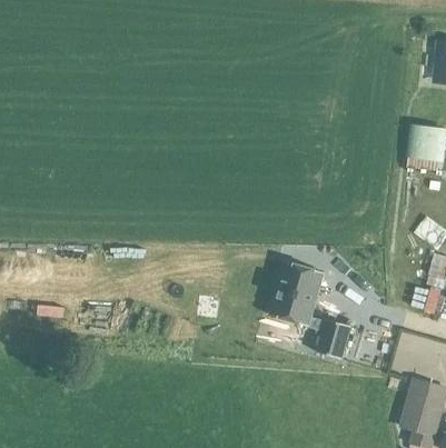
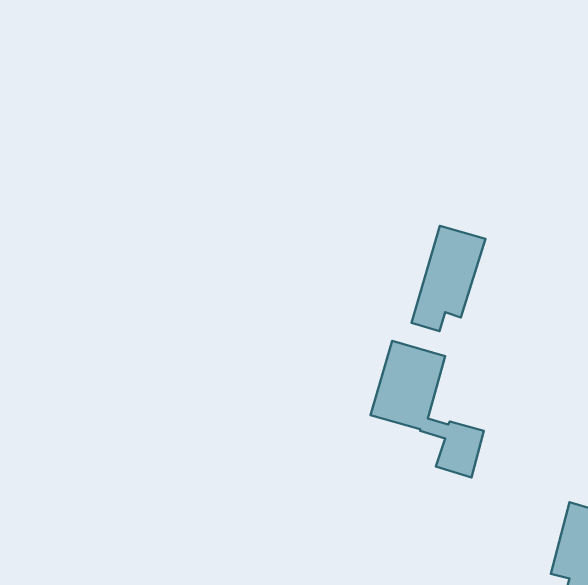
building: none -> [411,226,485,331]

